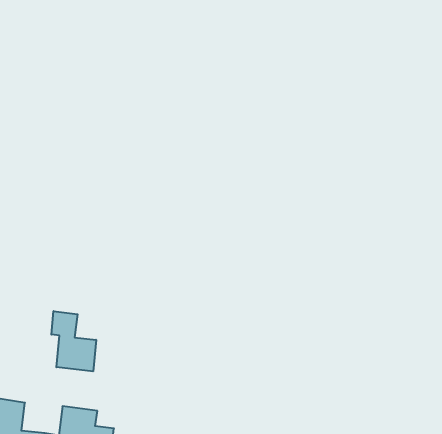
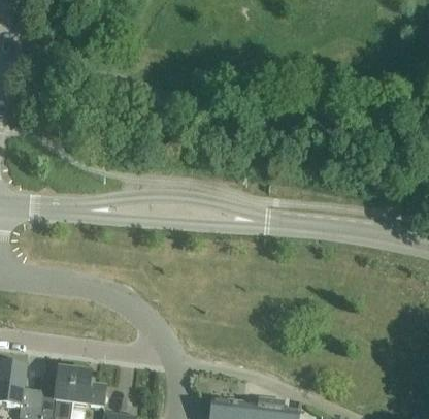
building: [51,311,96,371] -> none

